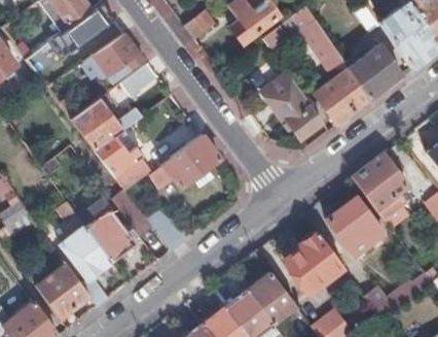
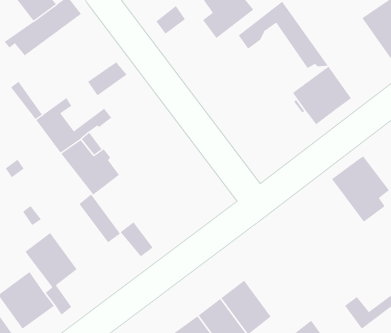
building: [93,33,145,78] -> none
building: [350,44,403,99] -> none
building: [261,72,324,139] -> none
building: [151,135,220,188] -> none
building: [326,198,382,255] -> none
building: [78,199,135,262] -> none
building: [282,232,342,293] -> none

